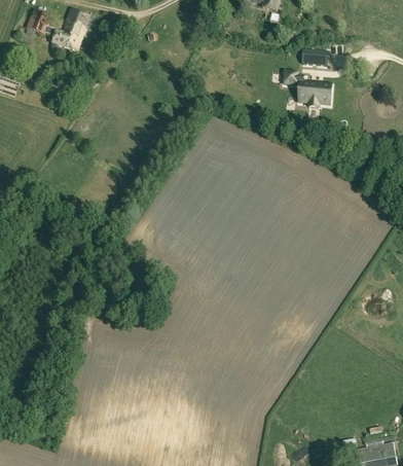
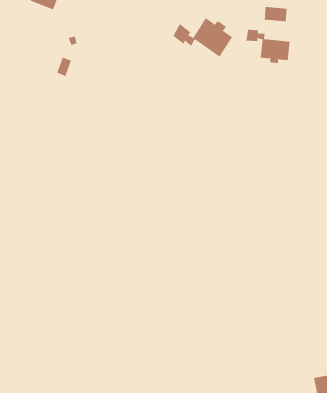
building: none -> [172,17,233,58]

